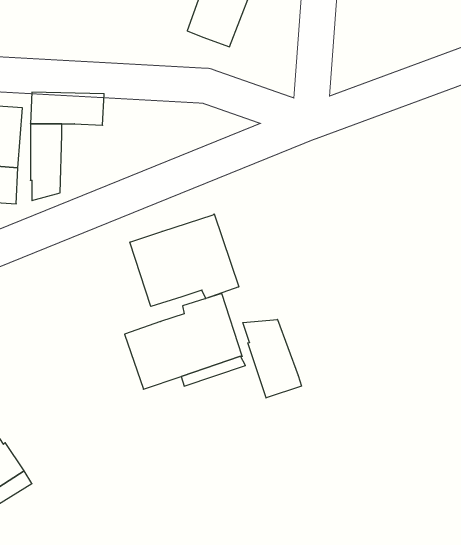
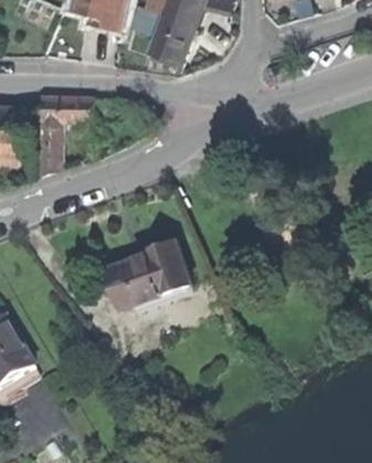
building: [130,214,239,306] -> none
building: [243,319,302,398] -> none

